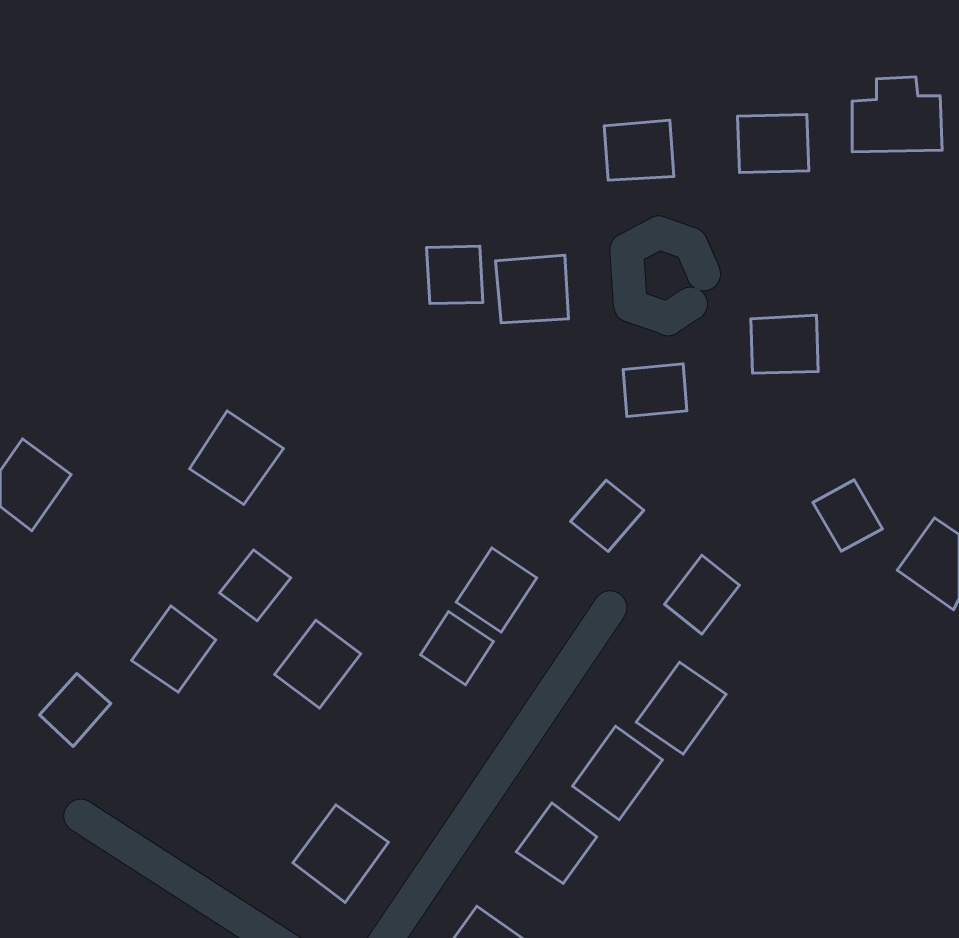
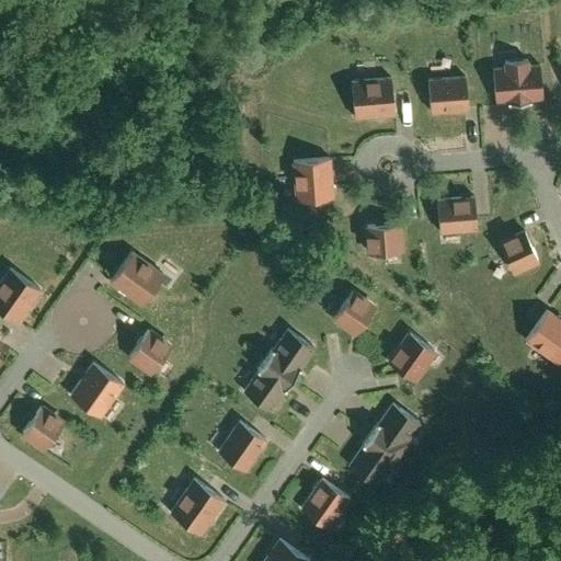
building: [426,246,483,304] -> none
building: [813,480,882,551] -> [495,236,536,277]
building: [274,620,361,708] -> [216,423,266,474]

